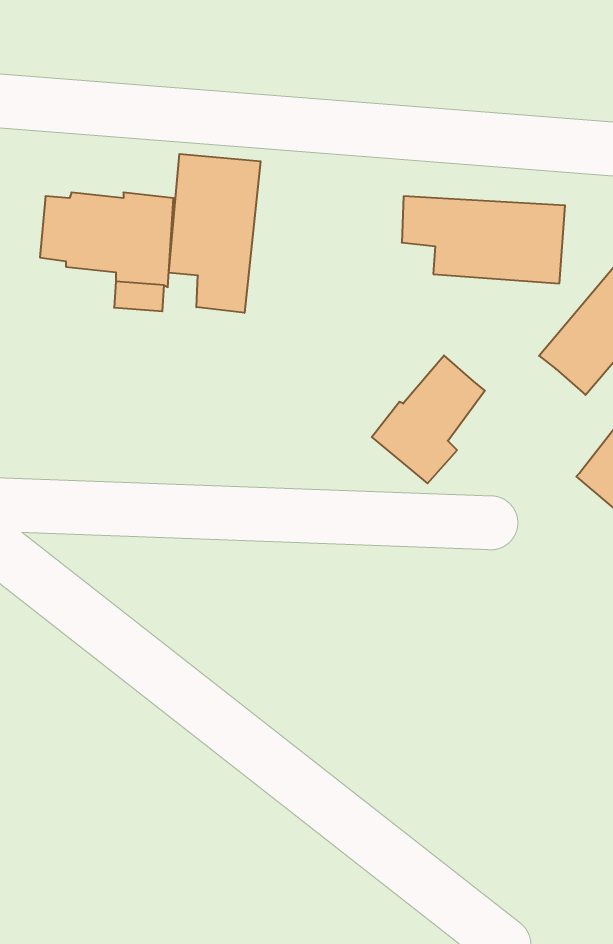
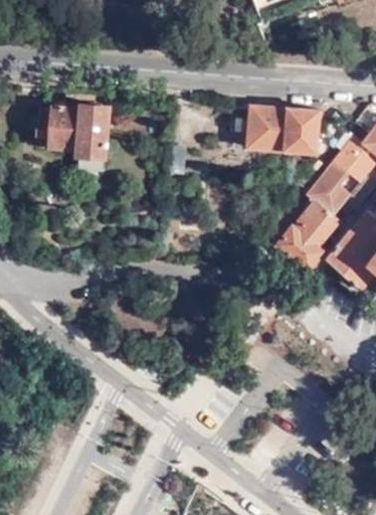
building: [169,154,261,313] -> none
building: [372,355,485,483] -> [275,200,337,270]

